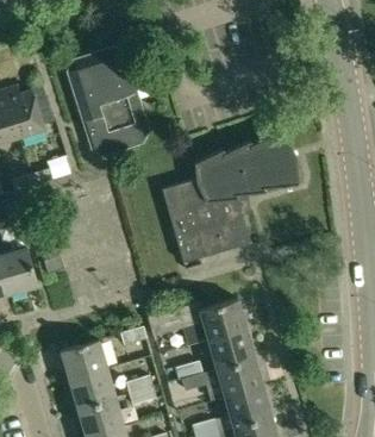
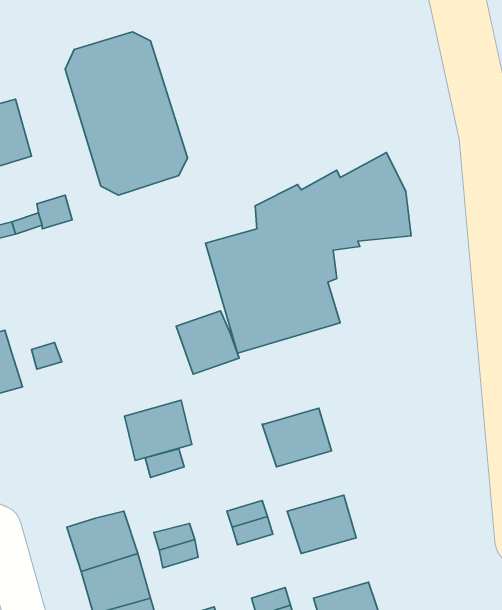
building: none -> [176,311,239,374]
building: [208,327,254,368] -> none
building: [61,338,106,379] -> [125,400,192,461]
building: [225,386,270,426] -> none

